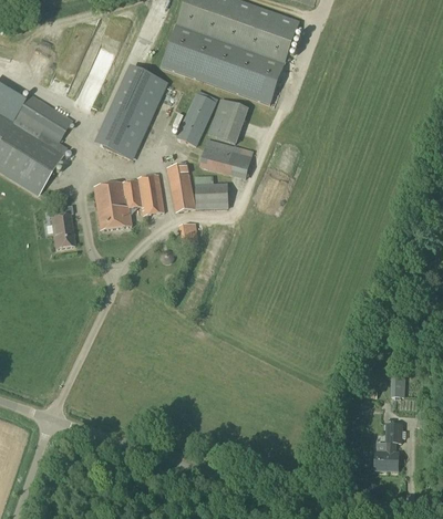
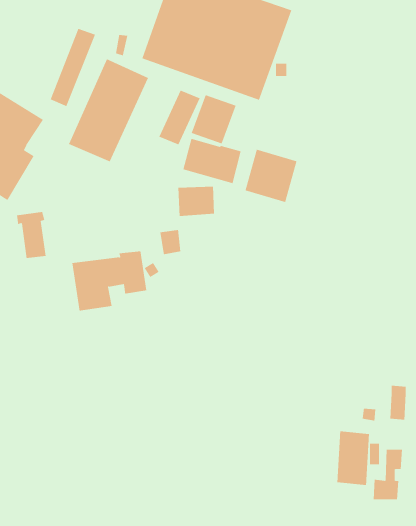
building: none -> [245,149,297,203]
building: [167,163,195,211] -> none
building: [94,174,164,229] -> [71,251,147,311]
building: none -> [337,431,370,486]

